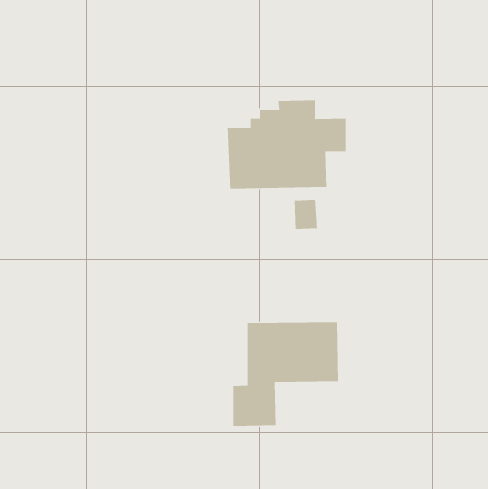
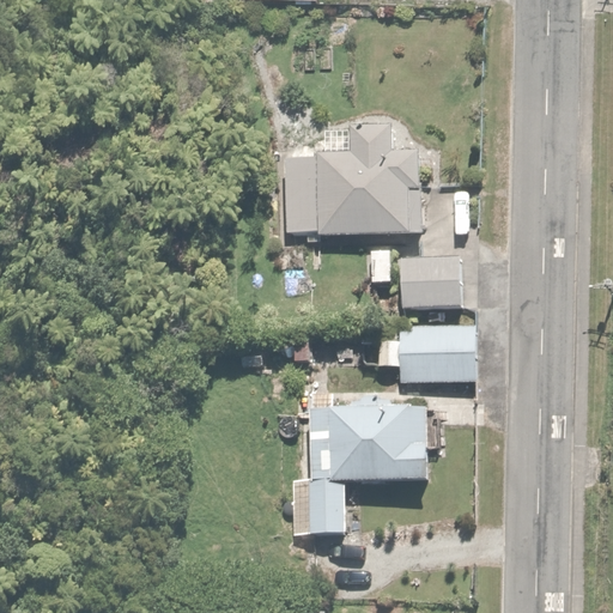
building: none -> [401,260,478,309]
building: none -> [362,323,474,382]

